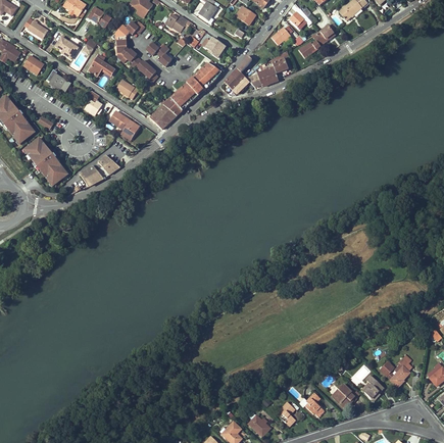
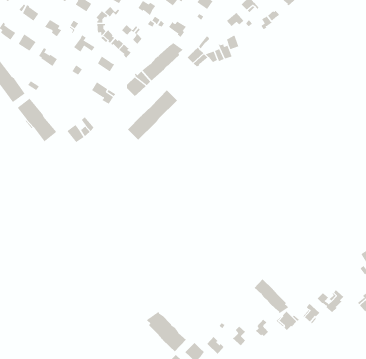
building: none -> [127,90,178,140]
building: none -> [254,279,289,314]
building: none -> [146,311,187,352]

